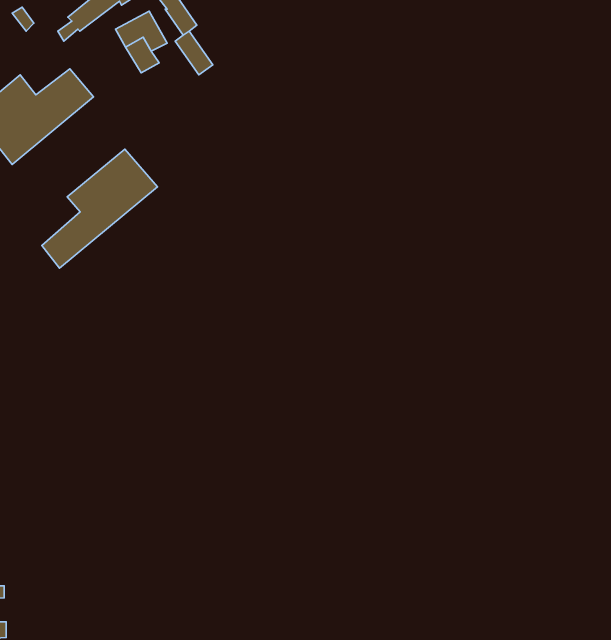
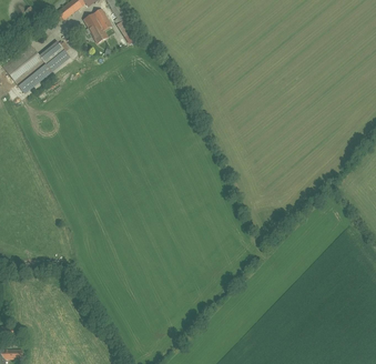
building: [42,149,158,268] -> none

